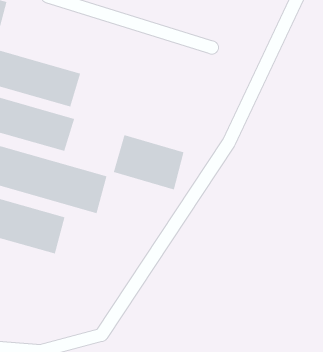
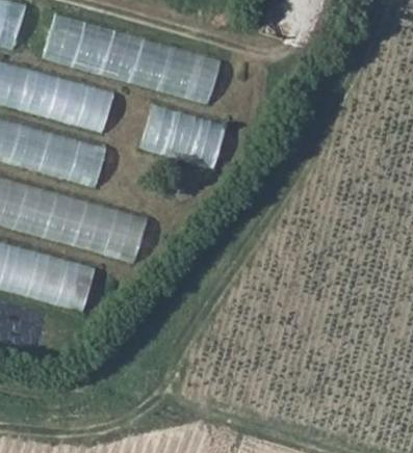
building: none -> [44,15,220,105]
building: [113,134,185,190] -> [138,103,226,171]

